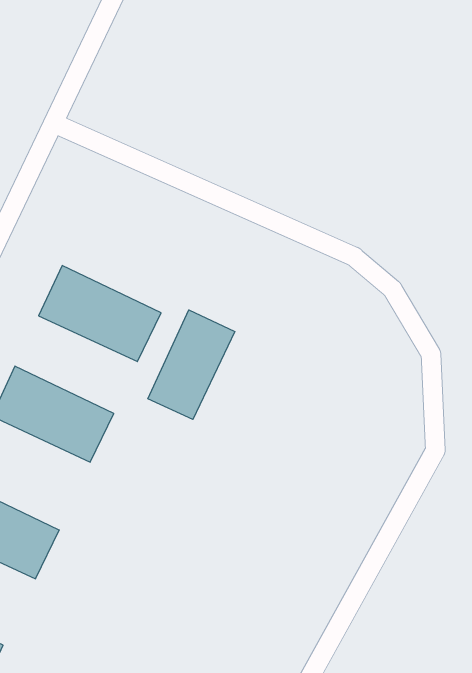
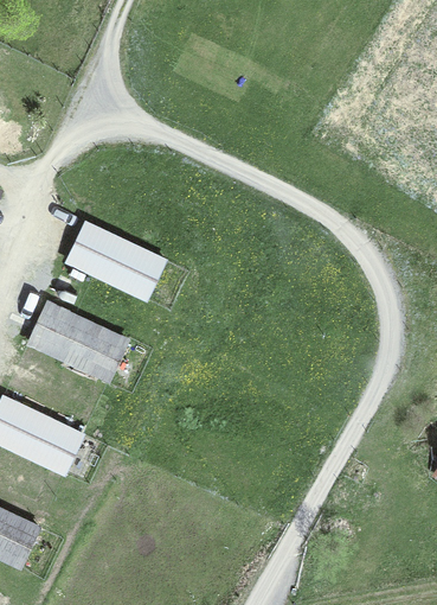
building: [148,310,235,419] -> none

